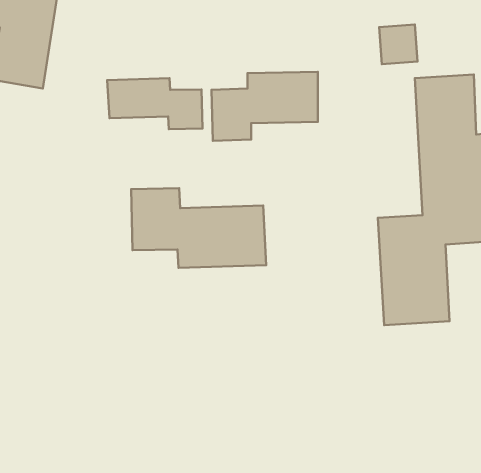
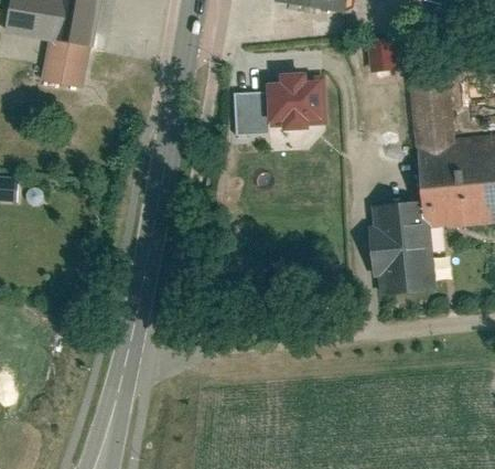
building: [107,78,203,129] -> none
building: [131,188,266,268] -> none

